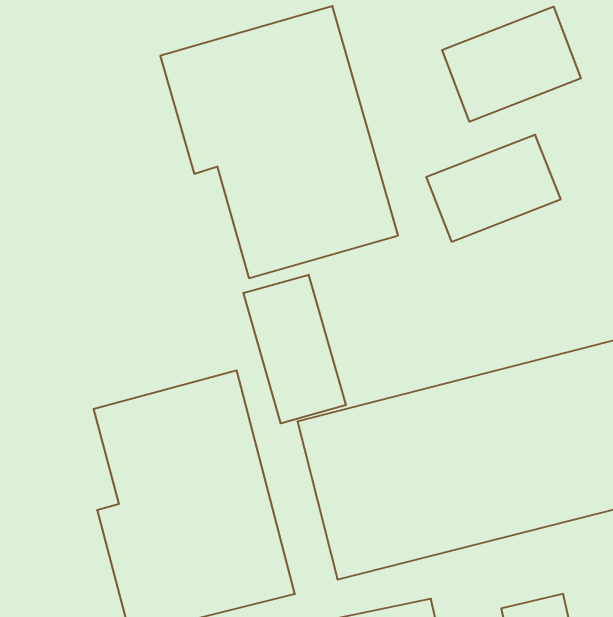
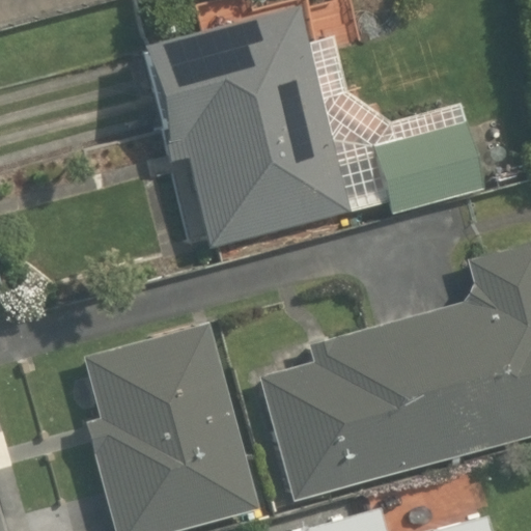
building: [442,7,581,122] -> none
building: [243,275,346,423] -> none

